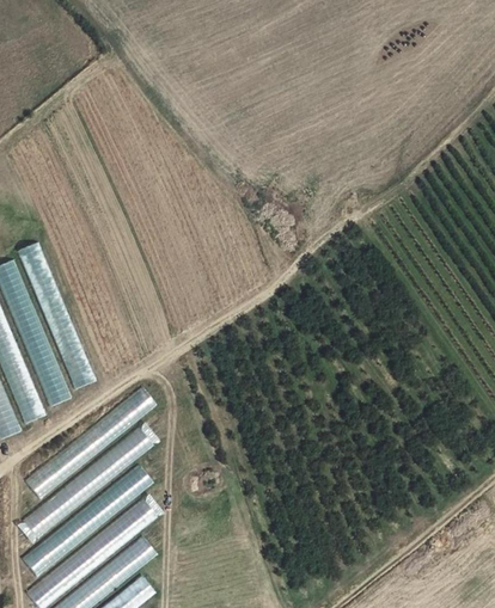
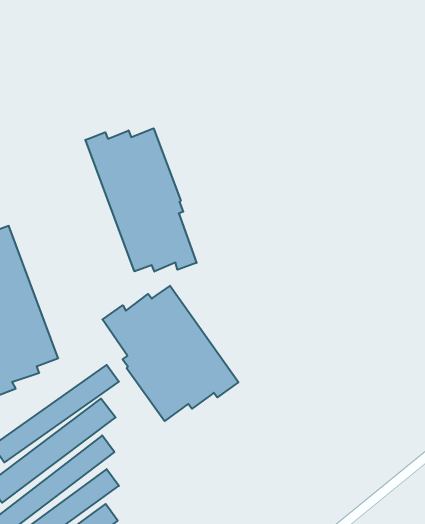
building: none -> [85,128,197,272]
building: none -> [102,286,238,421]

